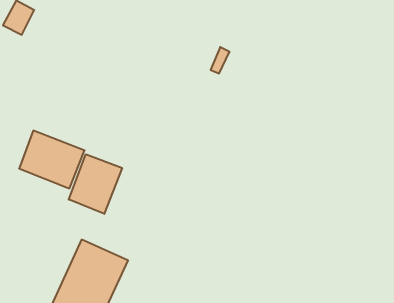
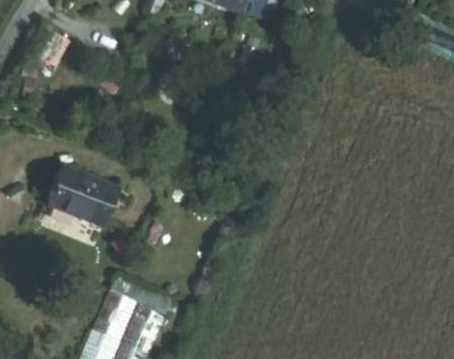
building: [69,154,122,214] -> none

